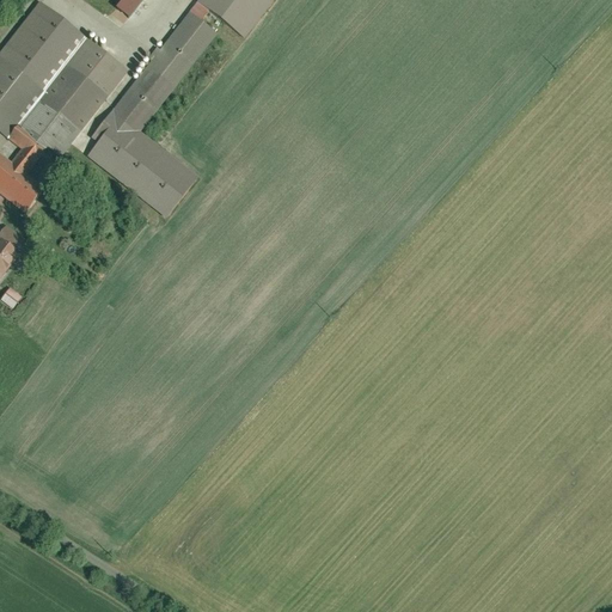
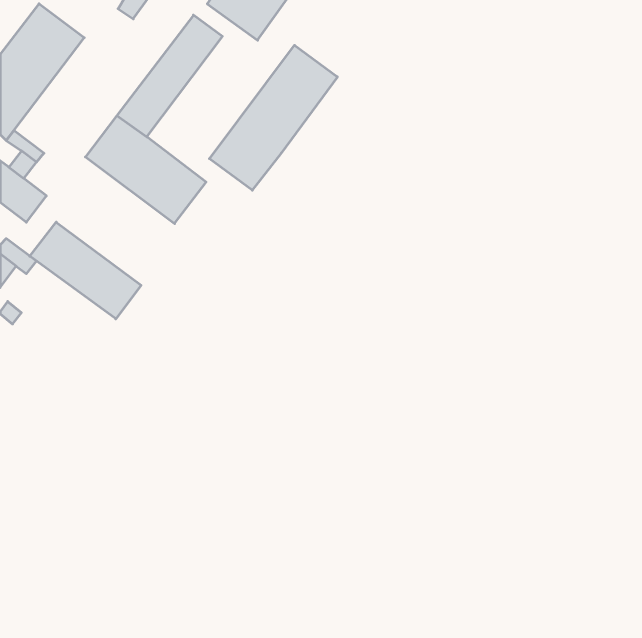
building: [24,42,126,154] -> none
building: none -> [209,45,337,190]
building: none -> [30,222,141,319]

